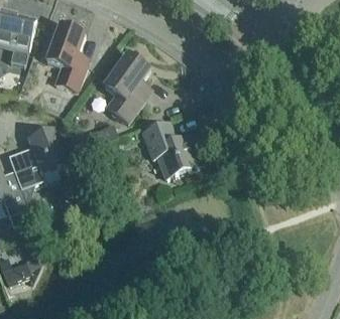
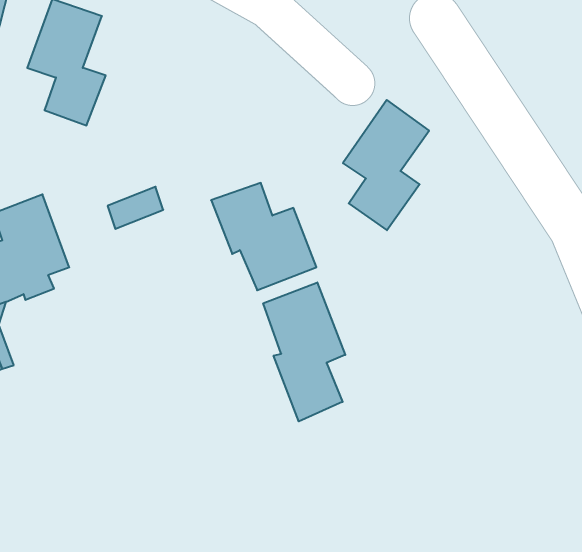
building: [104,53,149,122] -> [343,100,429,230]
building: none -> [263,282,345,421]

